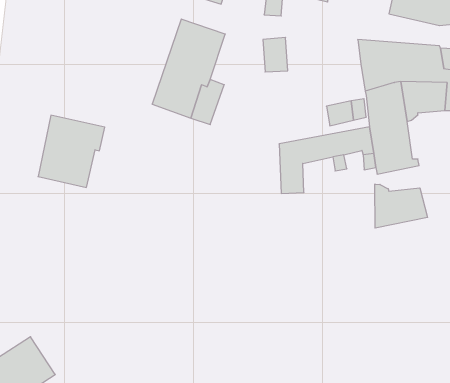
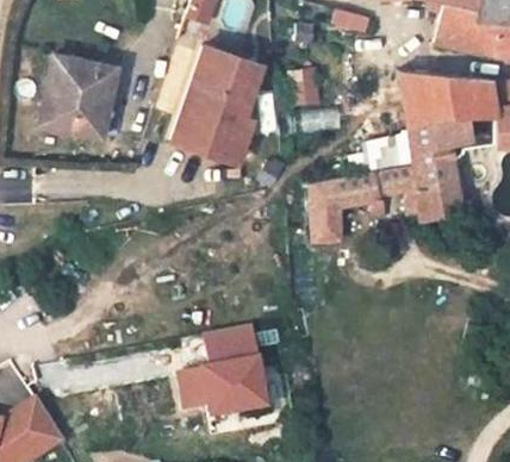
building: [38,115,105,187] -> [42,54,116,133]
building: [375,184,428,228] -> none
building: none -> [182,324,272,416]

